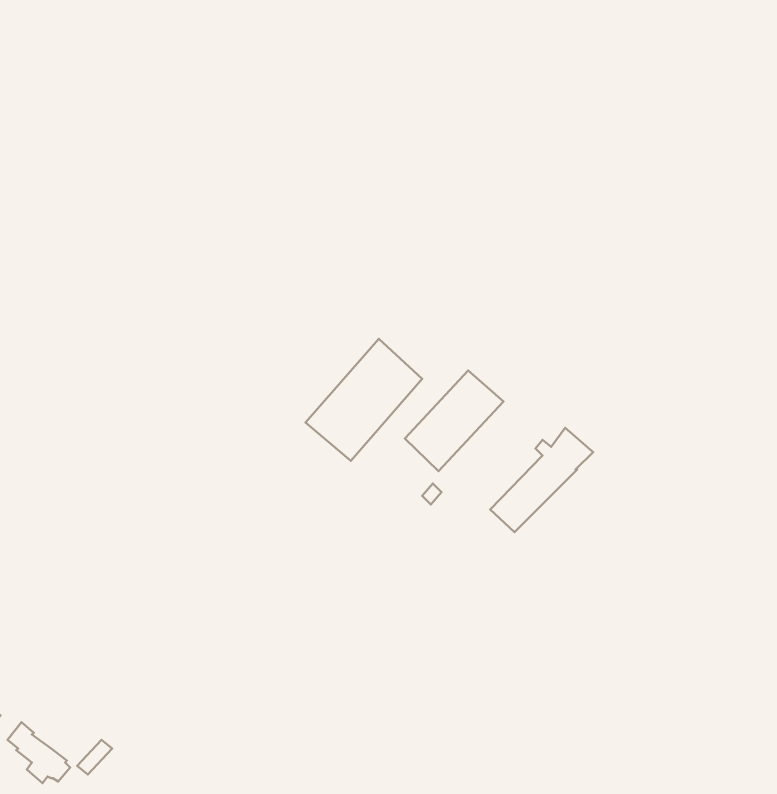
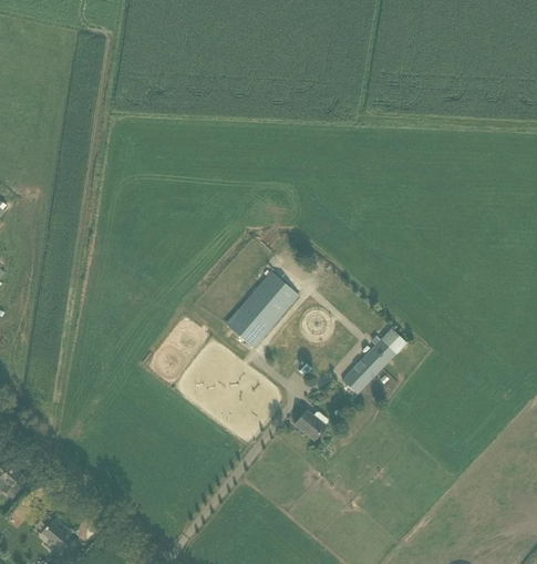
building: [405,370,503,471] -> none
building: none -> [295,410,328,439]

